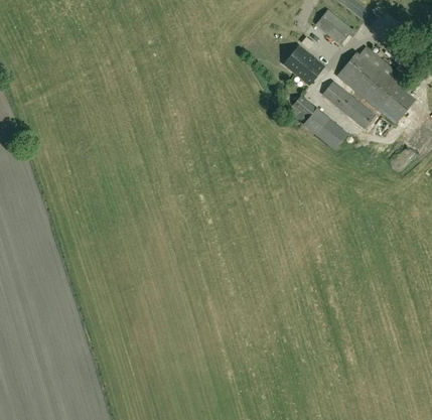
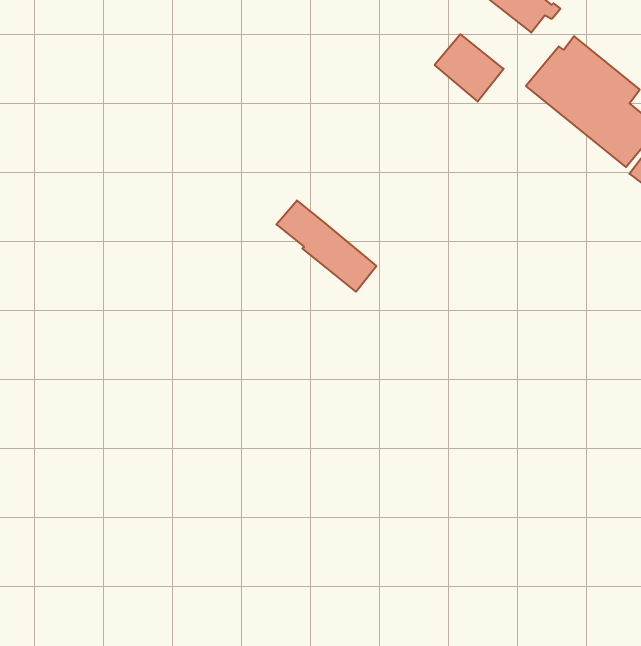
building: [322,82,374,128] -> none
building: [288,95,346,148] -> [276,200,376,292]

